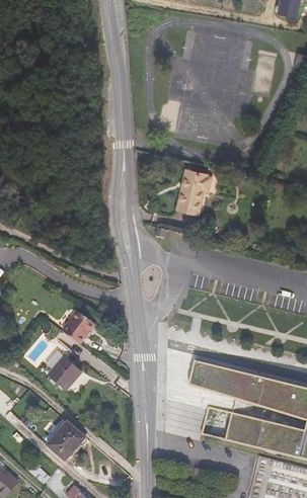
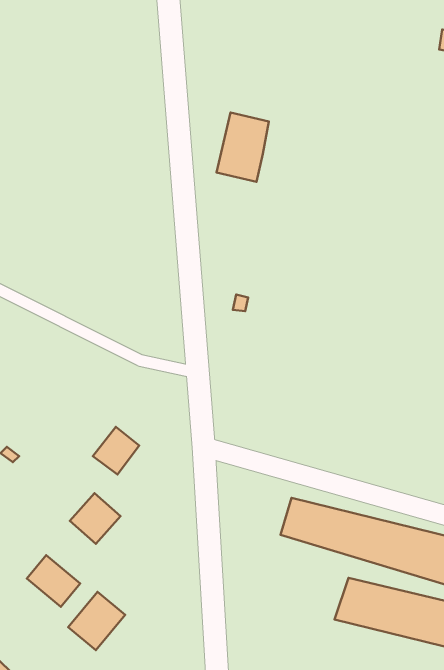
building: [177,168,212,214] -> [217,112,269,182]
building: none -> [27,555,80,607]

